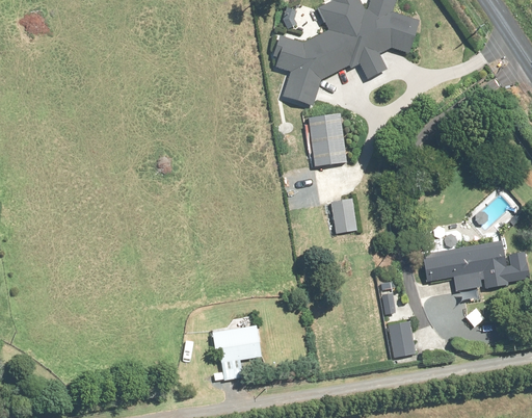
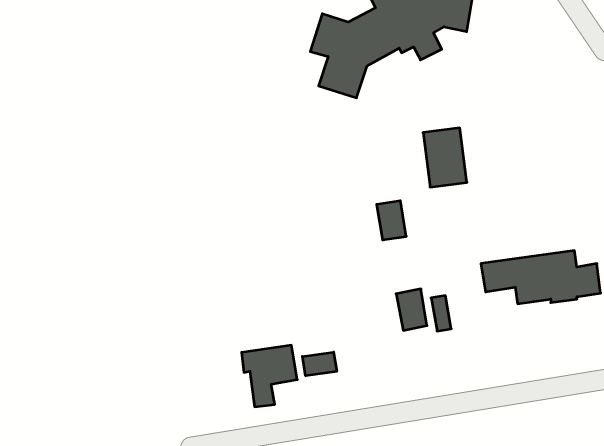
building: [308,114,346,166] -> [423,128,467,187]
building: [388,320,415,357] -> [396,289,427,330]
building: none -> [302,352,337,376]

